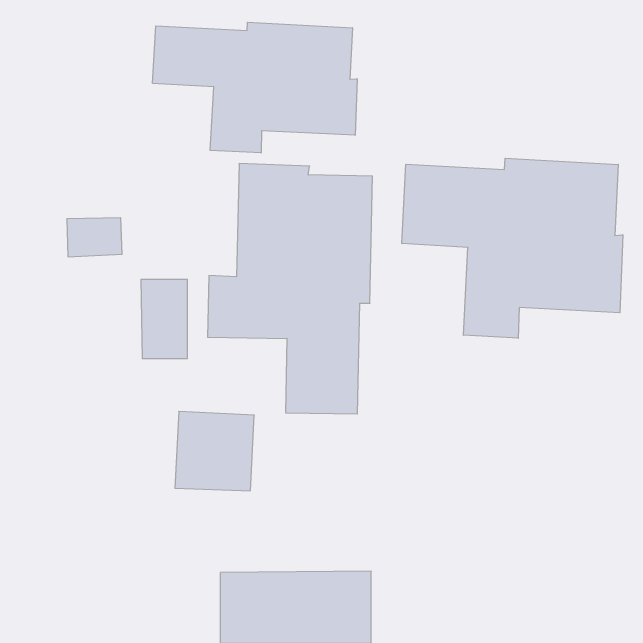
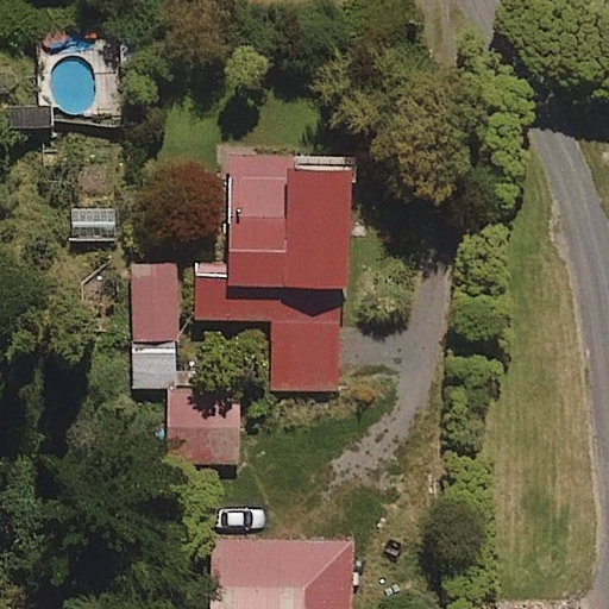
building: [153,22,357,153] -> none
building: [402,158,623,338] -> none

